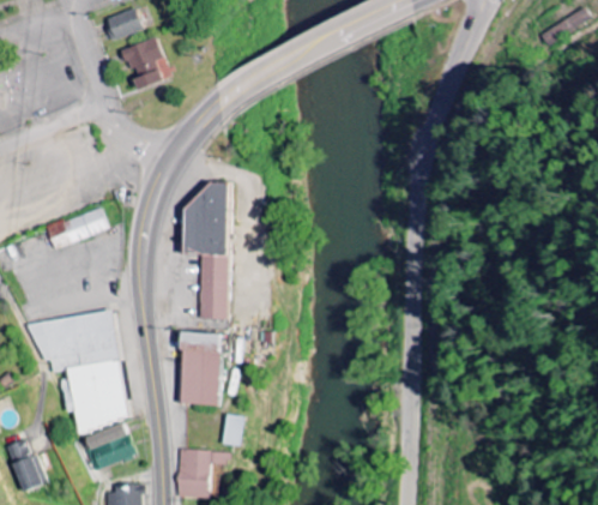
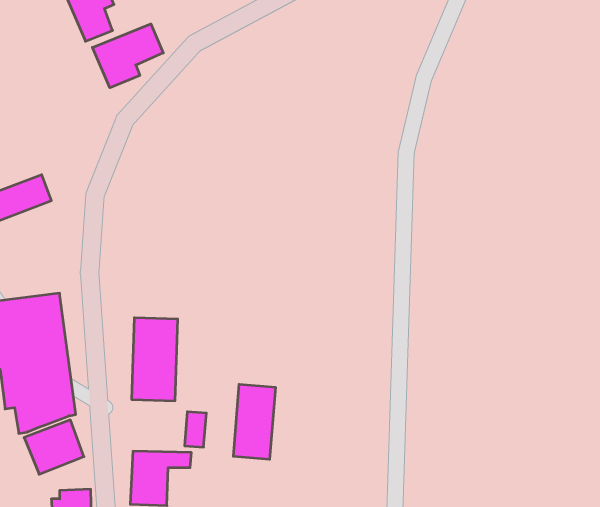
building: none -> [92,24,163,88]
building: [187,182,229,319] -> none
building: none -> [233,384,275,459]

